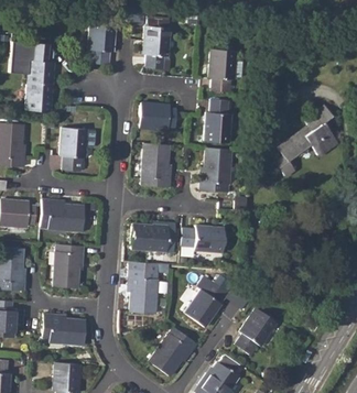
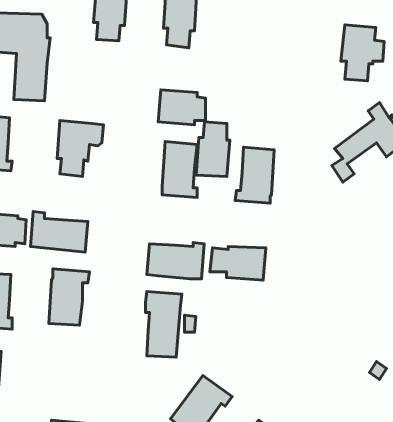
building: [209,50,244,94] -> [341,25,384,81]
building: [205,100,231,143] -> [196,122,230,177]
building: [185,279,227,328] -> none
building: [236,309,278,356] -> none
building: [42,315,86,346] -> none

